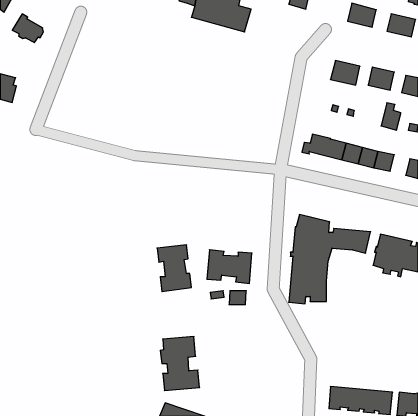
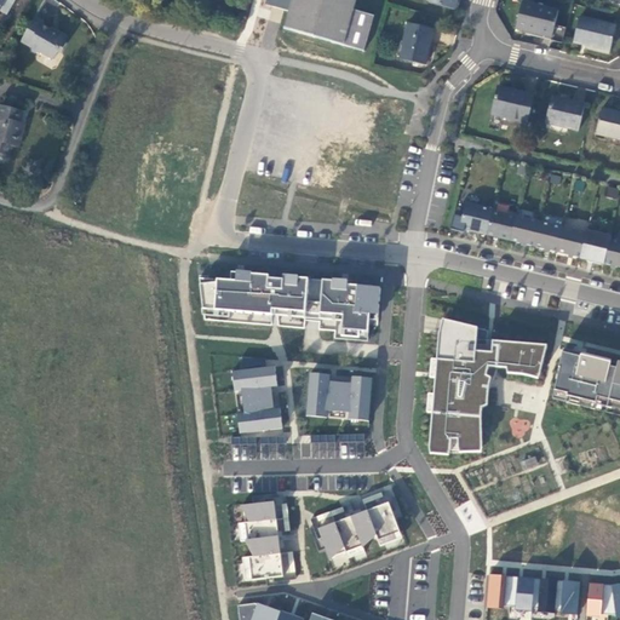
building: none -> [398,27,432,68]
building: [381,103,401,130] -> [578,219,607,259]
building: none -> [200,265,384,329]
building: none -> [314,489,403,563]

